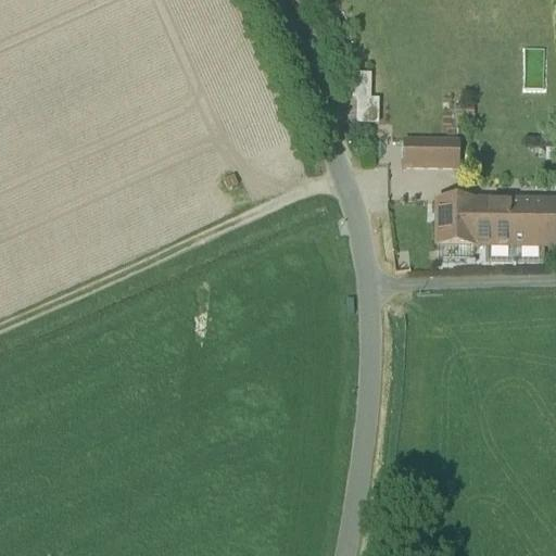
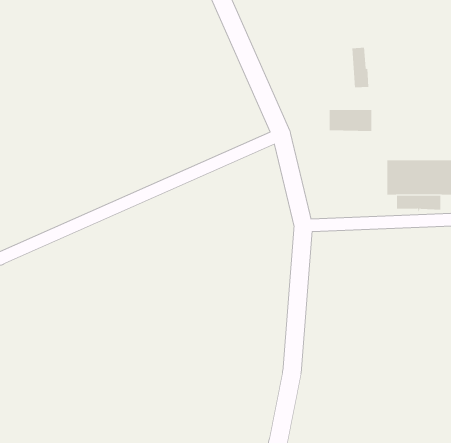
building: [353,65,375,115] -> [351,47,369,88]
building: [438,195,476,241] -> none

